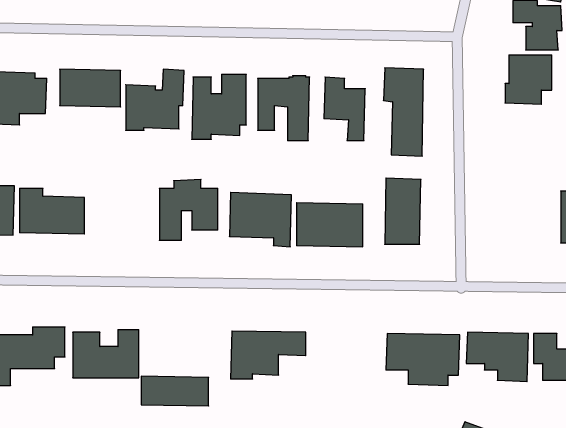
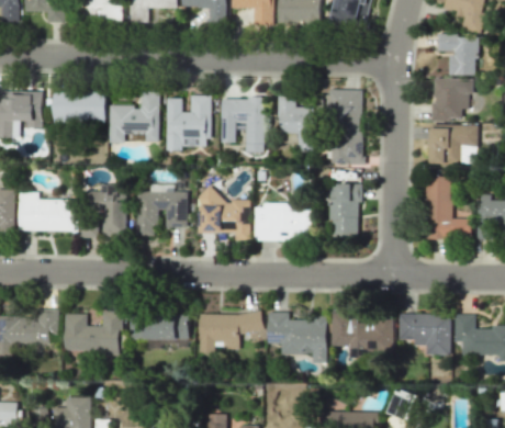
building: none -> [430,125,478,165]
building: none -> [426,177,471,240]
building: none -> [89,185,124,237]
building: none -> [268,312,327,362]
building: [141,376,209,406] -> [132,315,189,340]

